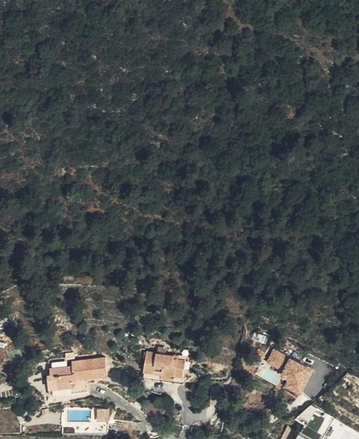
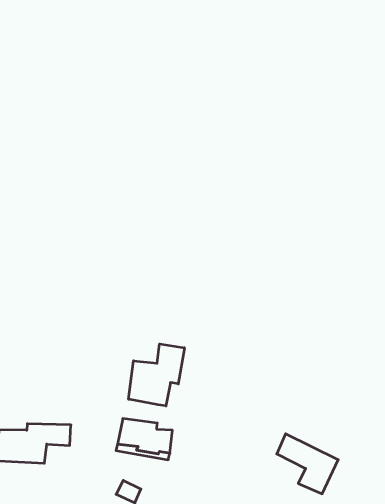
building: none -> [129,344,184,406]

